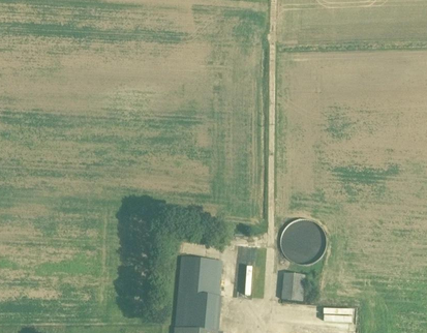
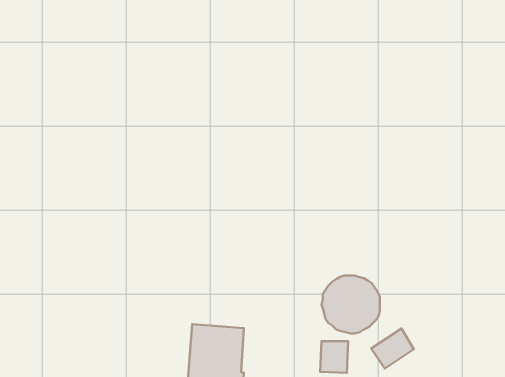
building: none -> [371,328,414,369]

